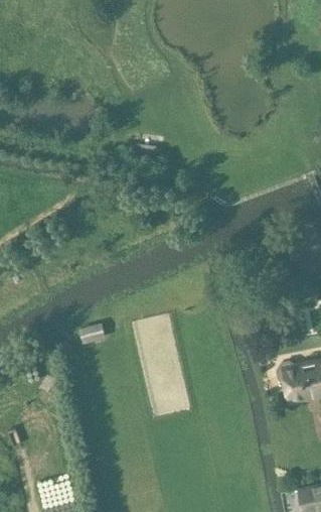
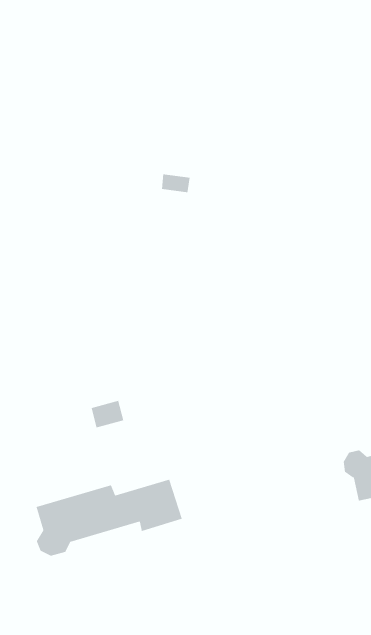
building: none -> [36,479,183,557]

